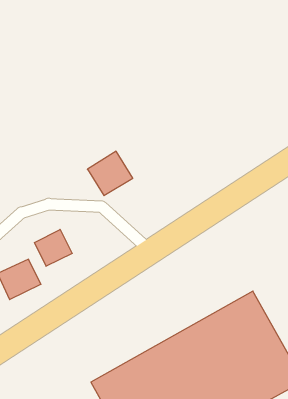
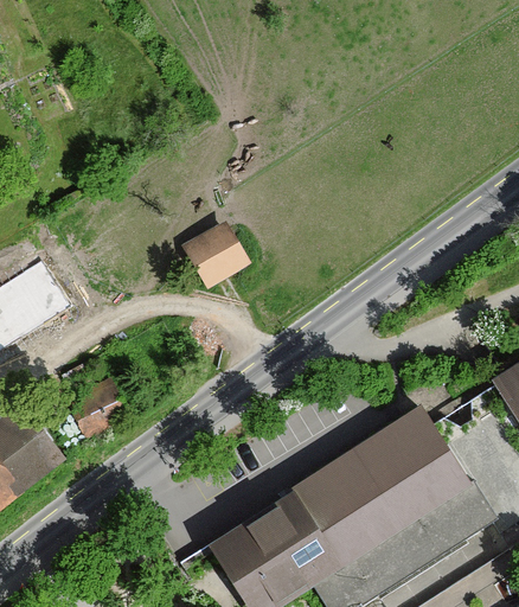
building: [35,229,72,266] -> none

